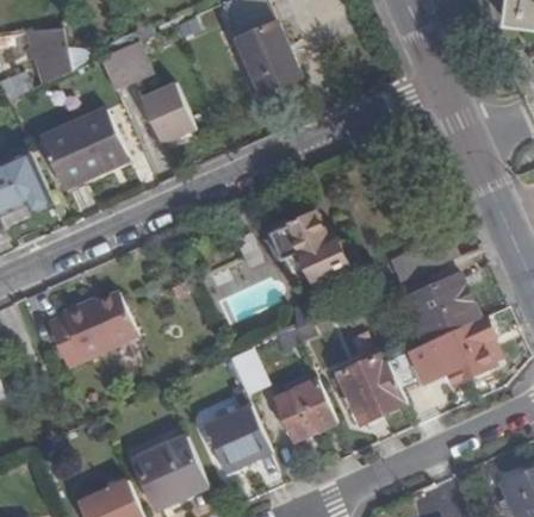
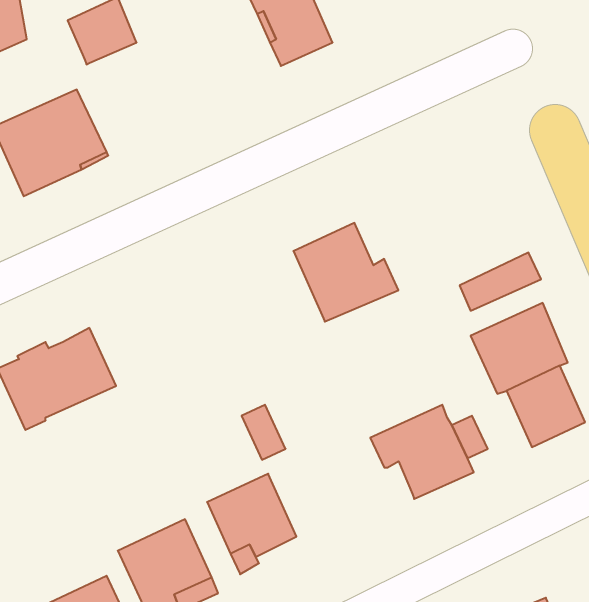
building: [138,80,192,142] -> none
building: [271,372,334,440] -> none

